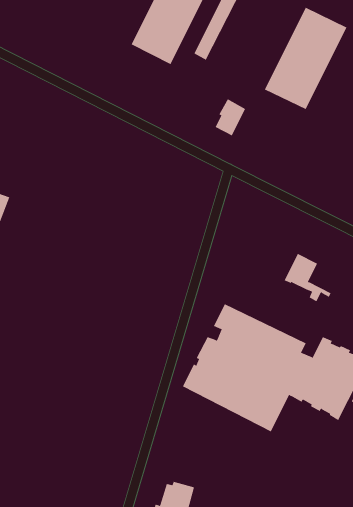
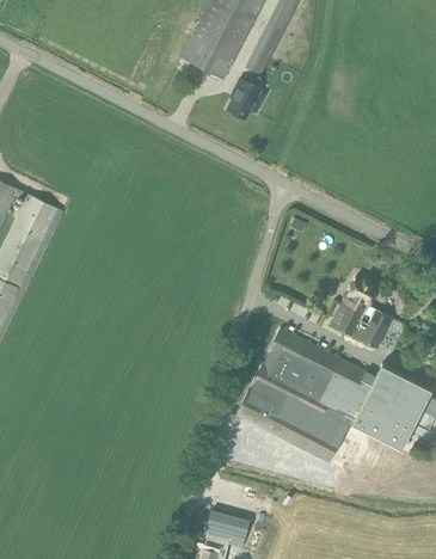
building: [264,7,347,110] -> none
building: [215,99,246,136] -> [227,79,259,118]
building: none -> [331,303,389,348]

